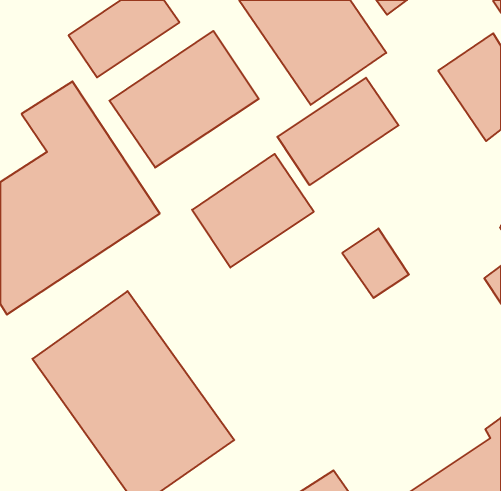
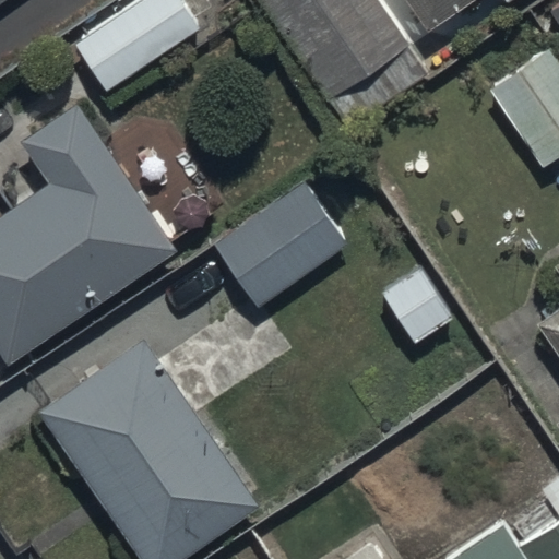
building: [109,31,259,168] -> none
building: [277,78,399,185] -> none

